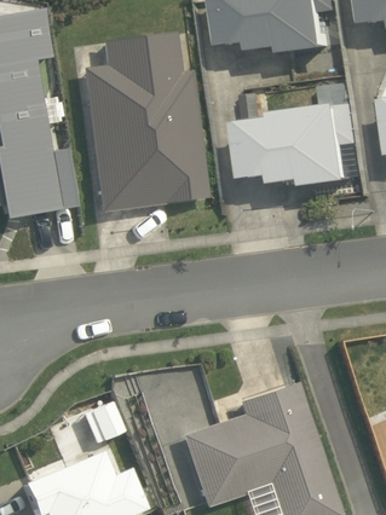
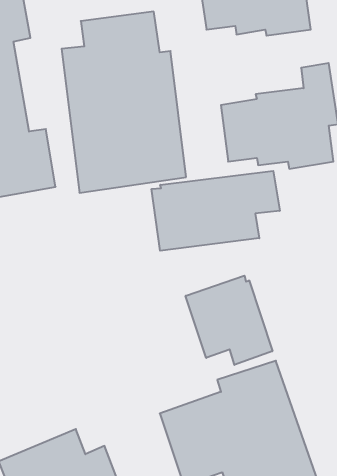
building: none -> [152,171,280,251]
building: none -> [186,276,272,365]

